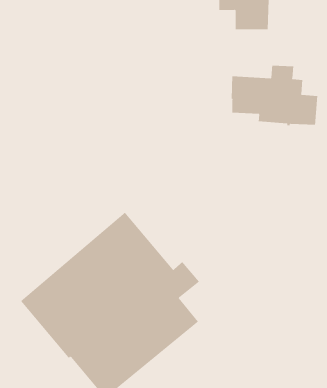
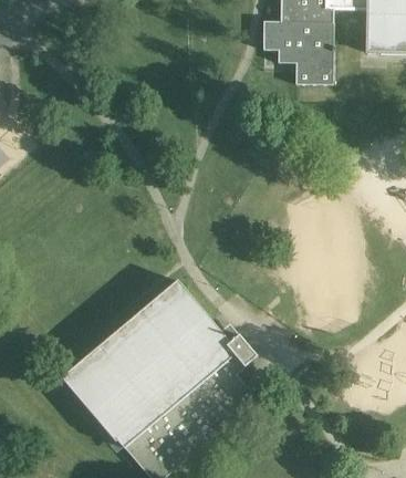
building: [231,65,318,126] -> none

